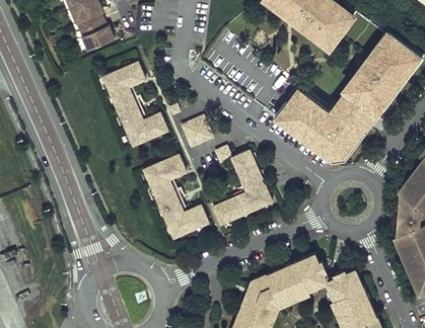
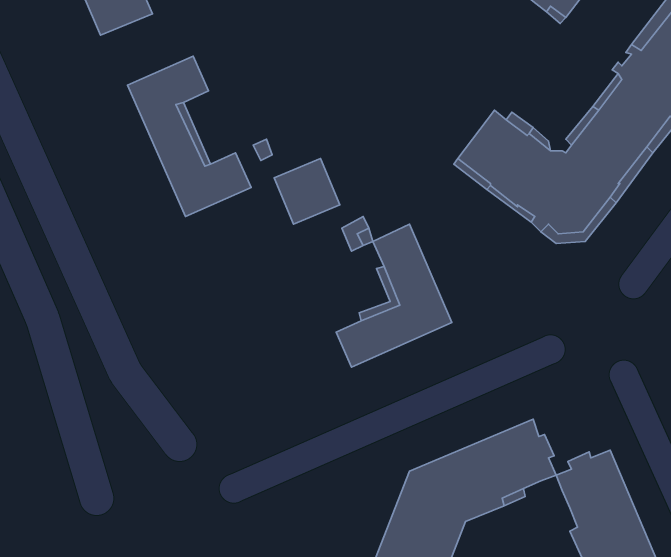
building: [143,156,208,240] -> none

